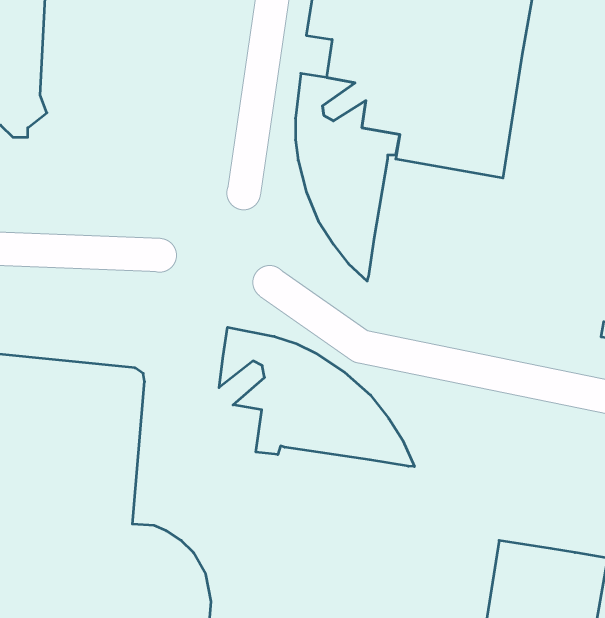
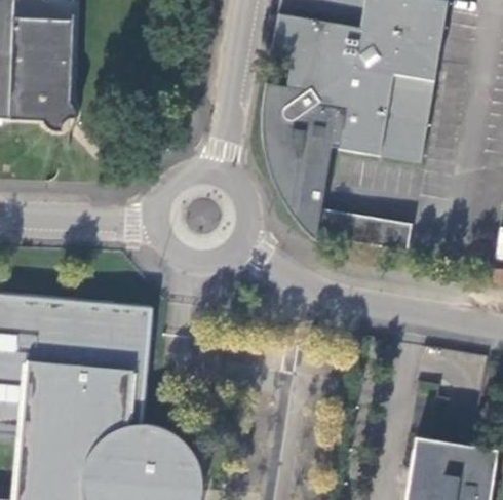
building: none -> [319,209,414,252]
building: [219,327,414,467] -> none

